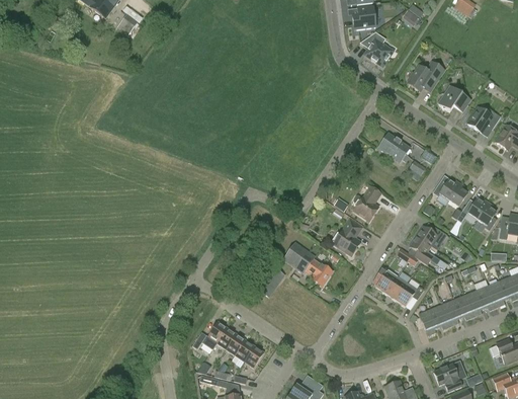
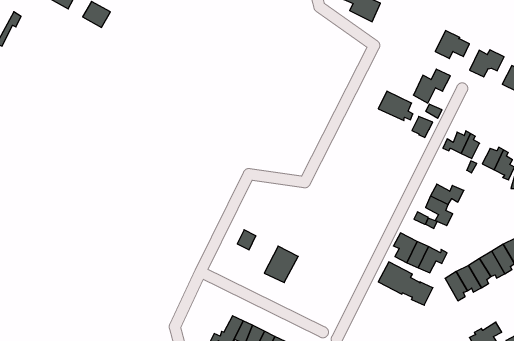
building: [408,61,444,91] -> [413,69,450,103]
building: [353,185,380,221] -> none
building: [333,220,361,254] -> none
building: [283,241,333,286] -> [378,262,433,305]

